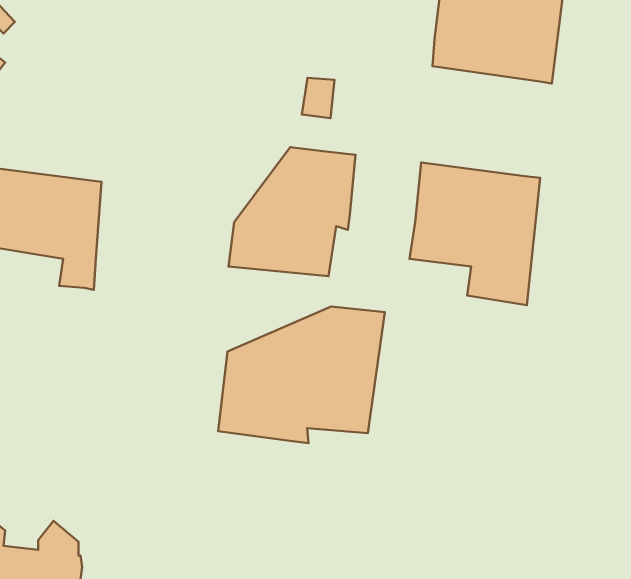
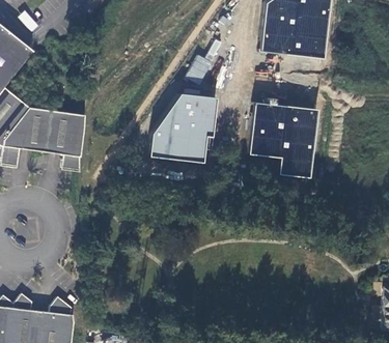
building: [218,306,385,443] -> none

